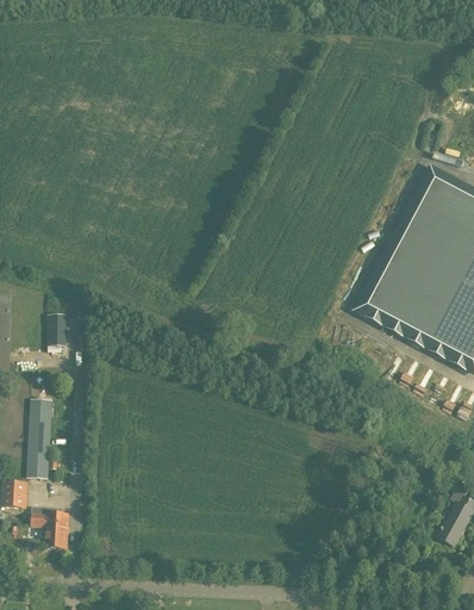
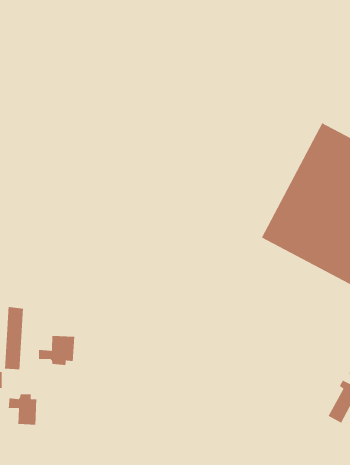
building: [48,313,67,346] -> none
building: none -> [38,335,75,366]

